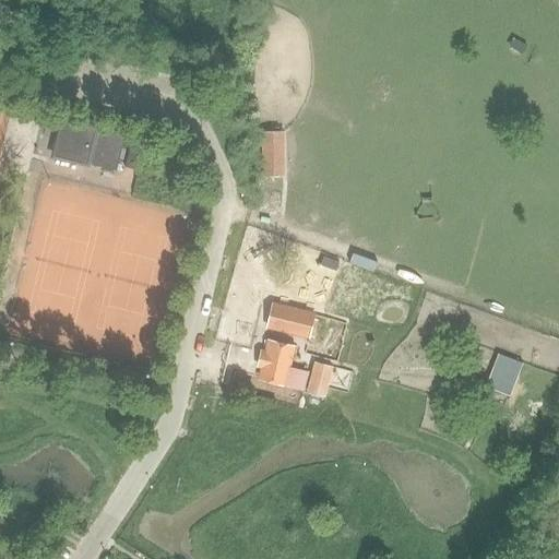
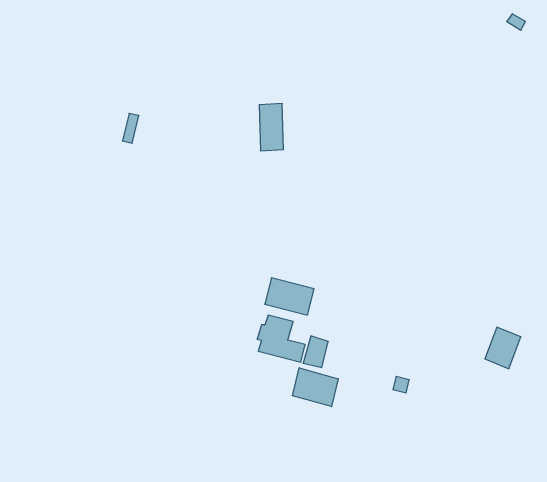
building: [53,117,126,170] -> none
building: none -> [292,368,338,407]

